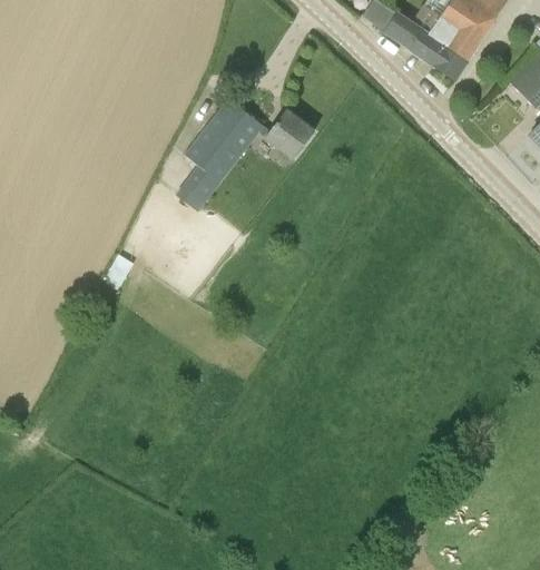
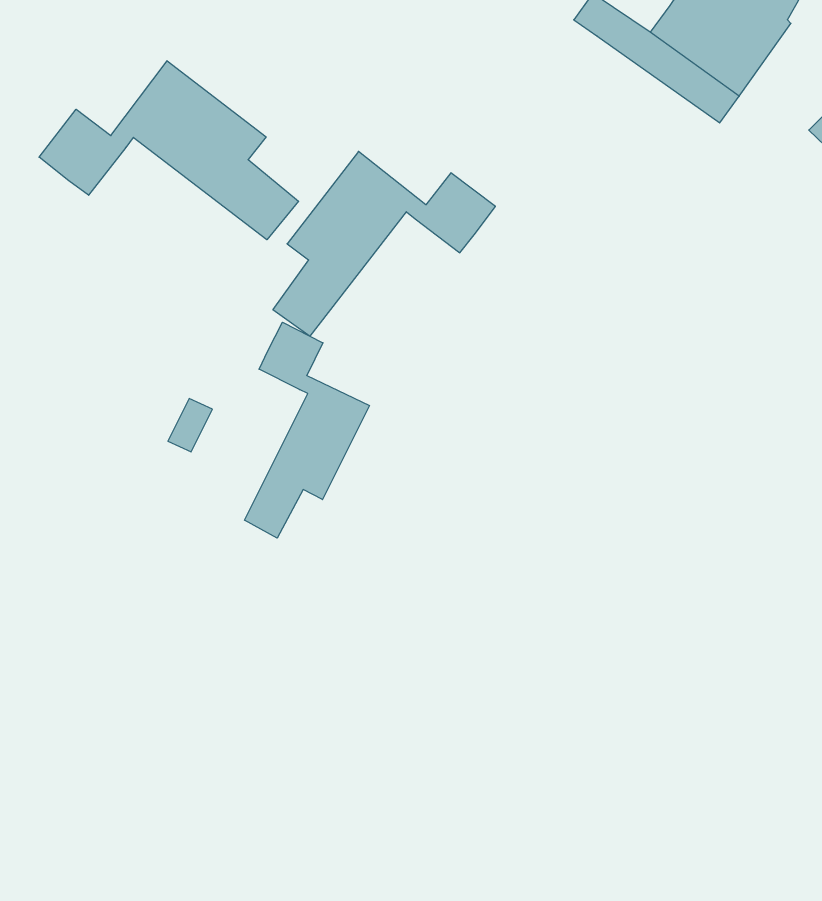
building: none -> [39,61,299,240]
building: none -> [245,322,369,538]

